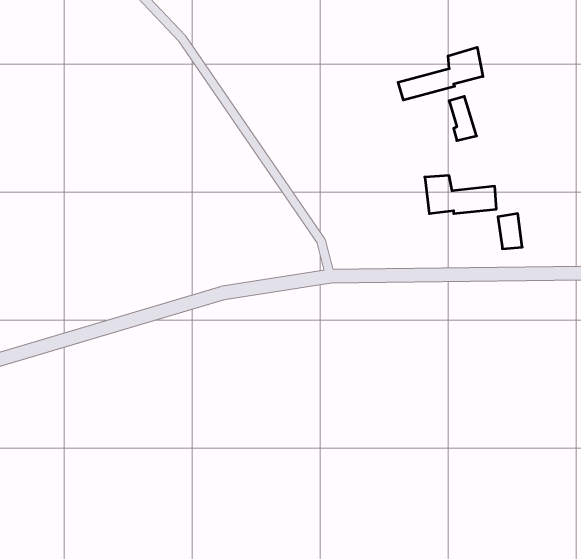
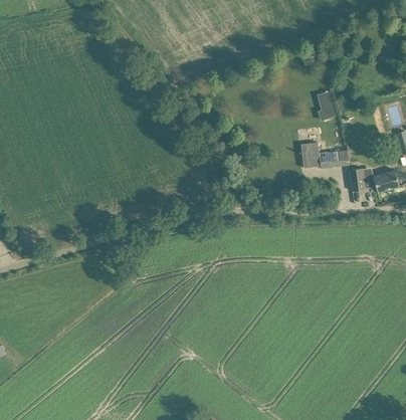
building: [398,47,483,100] -> none
building: none -> [368,170,399,192]

